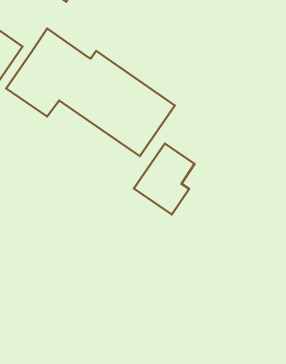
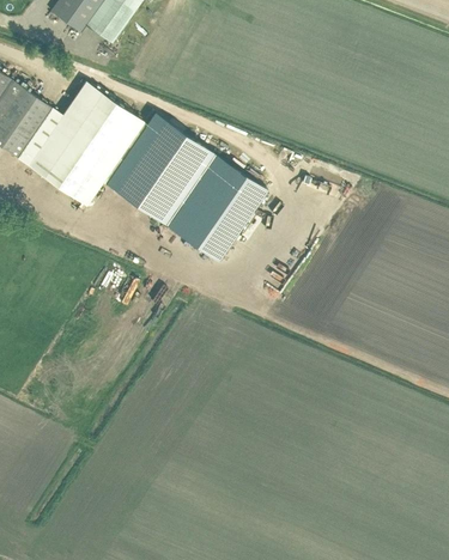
building: [134,144,195,214] -> none

